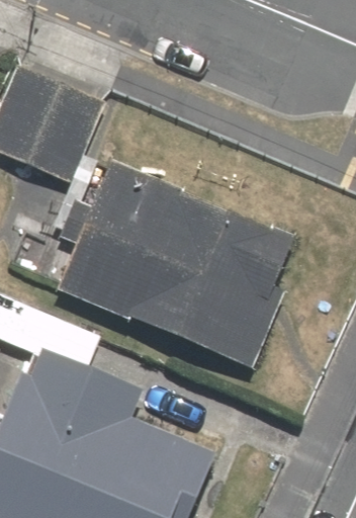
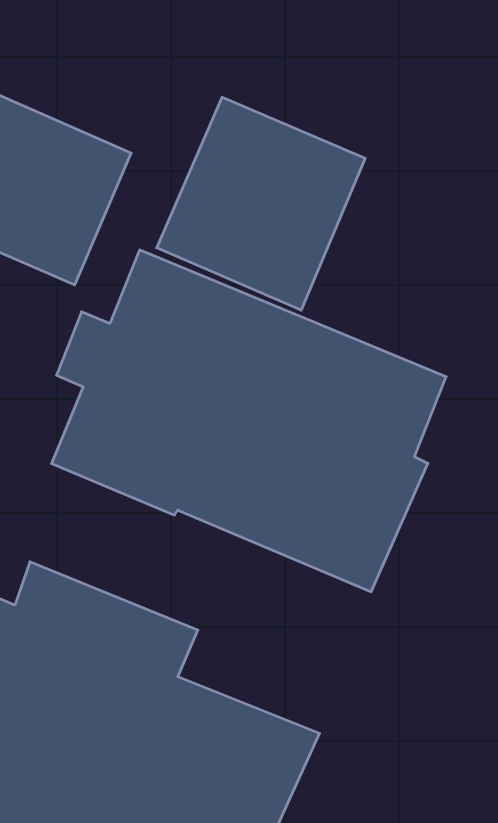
building: none -> [157,97,365,310]

